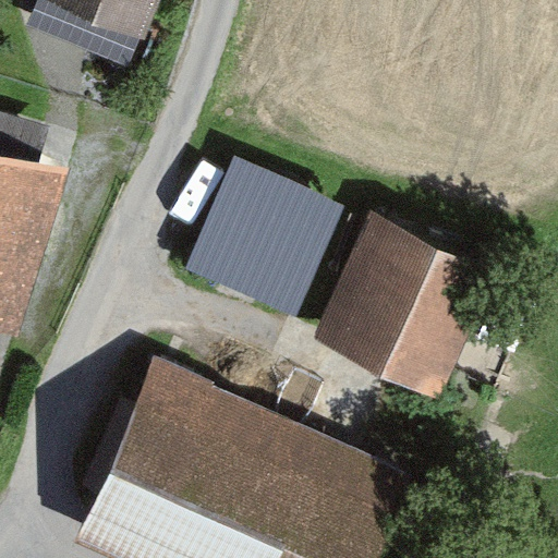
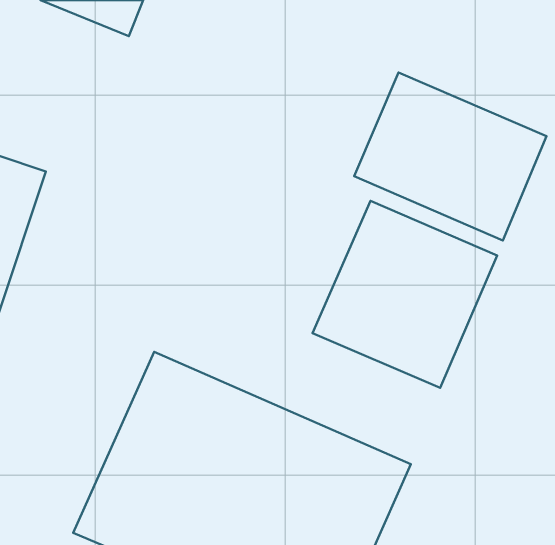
building: none -> [354,73,547,240]
building: [187,149,349,312] -> none

